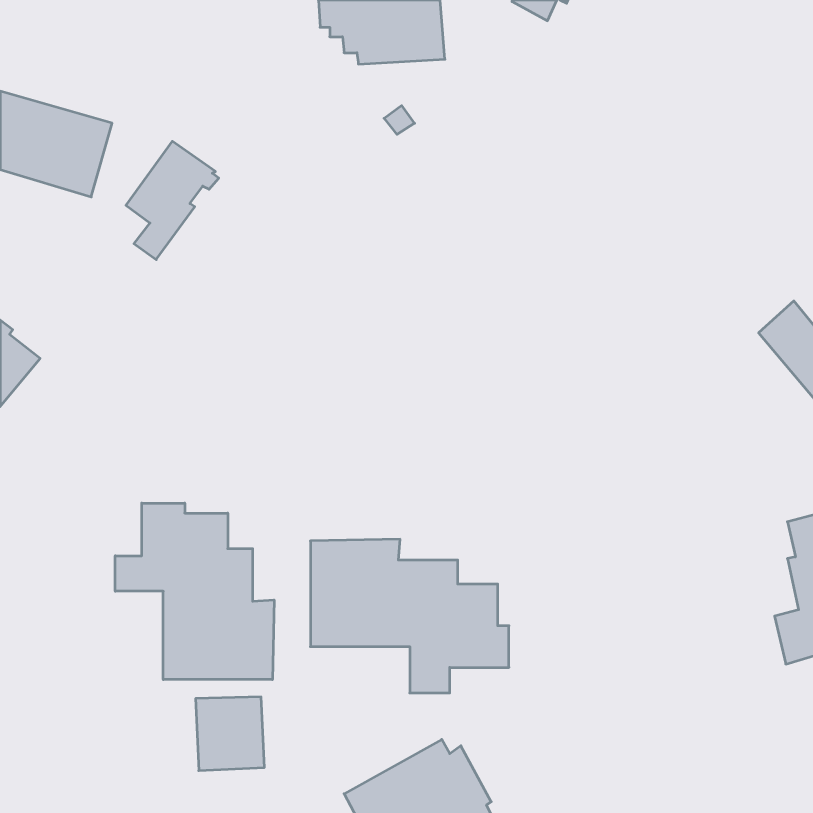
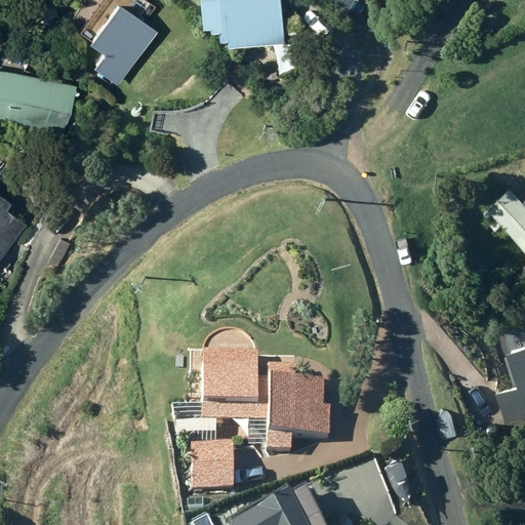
building: [126,141,219,260] -> [92,10,152,86]
building: [115,503,274,680] -> none
building: [196,697,264,771] -> [190,439,234,486]

